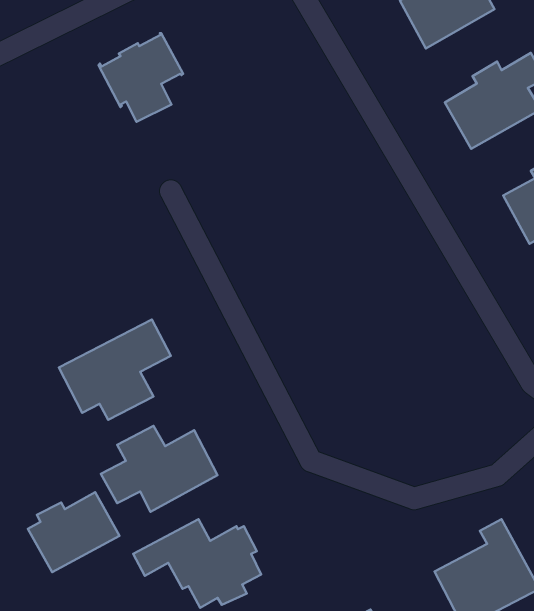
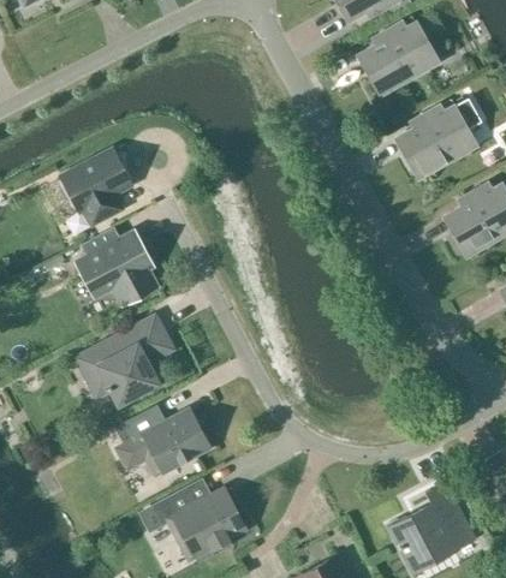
building: [99,33,183,122] -> [61,149,131,222]
building: none -> [81,226,154,300]
building: [28,492,119,572] -> none

